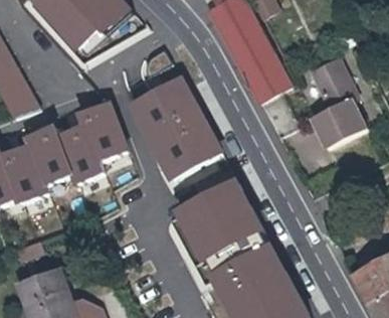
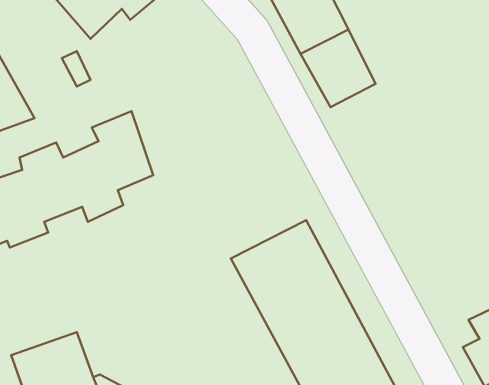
building: [309,57,365,146] -> none
building: [132,80,221,180] -> none

